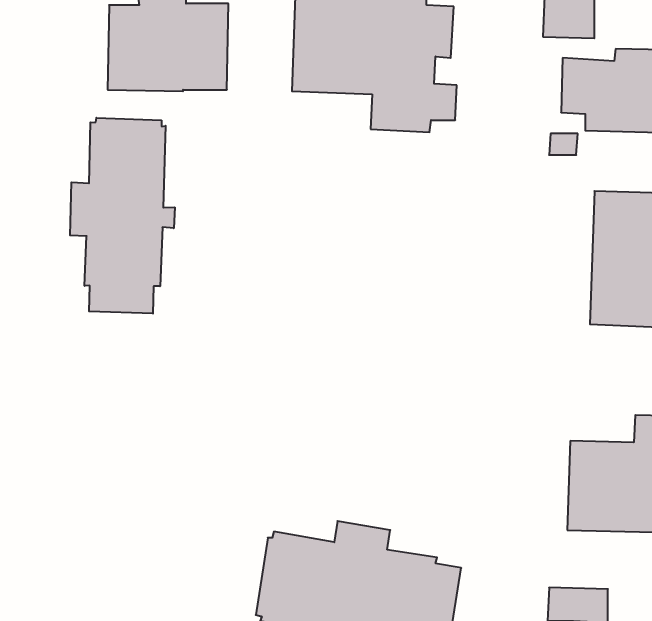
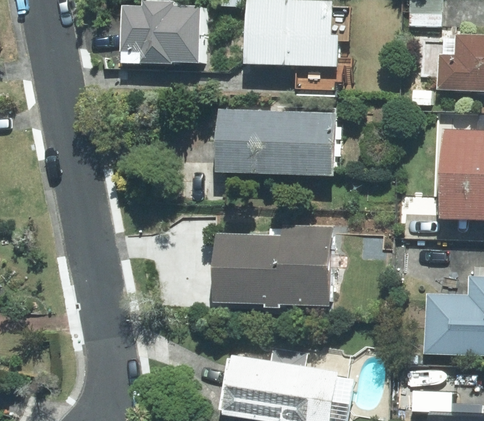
building: [70,118,175,314] -> none
building: none -> [217,107,335,174]
building: none -> [214,226,330,307]

